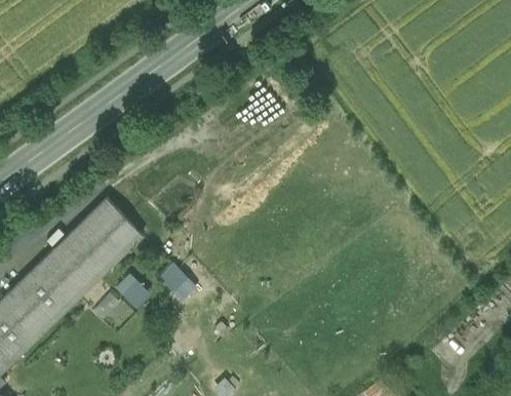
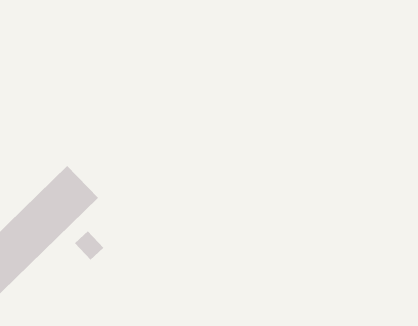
building: [157,265,195,301] -> none

